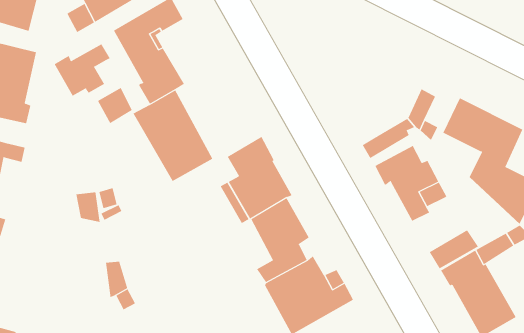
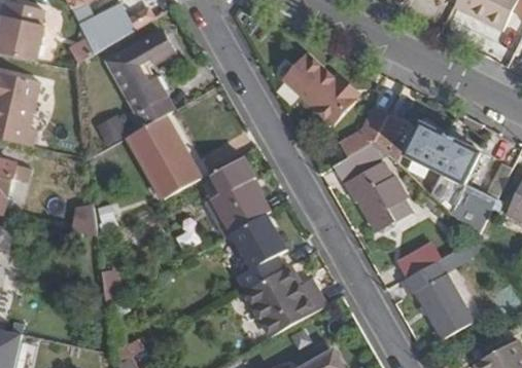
building: none -> [284,54,356,123]
building: [54,44,111,96] -> none
building: none -> [339,106,387,156]

